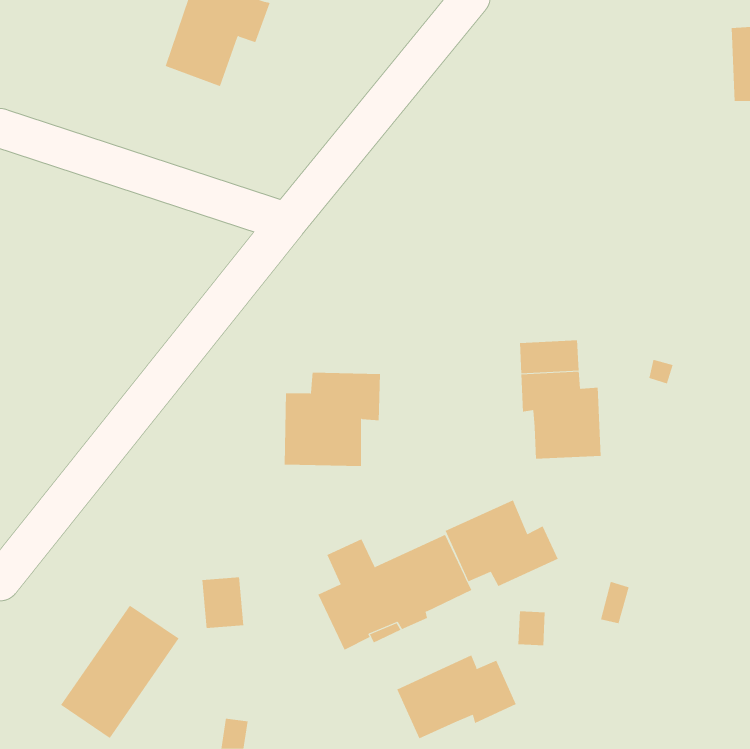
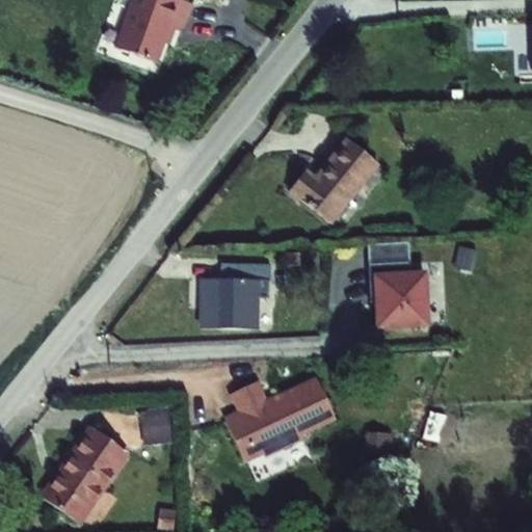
building: none -> [289,137,378,222]
building: [445,499,559,587] -> none
building: [396,655,517,739] -> none

